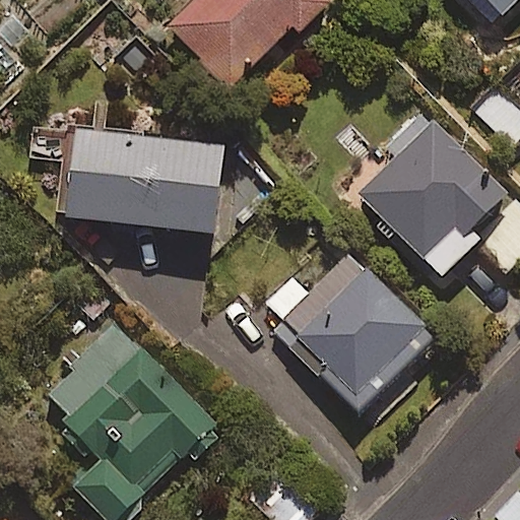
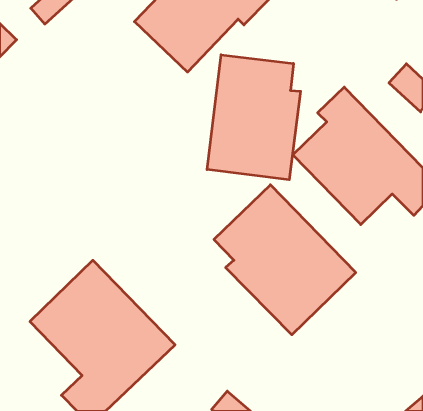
building: none -> [207,55,301,180]
building: [62,127,223,238] -> none

